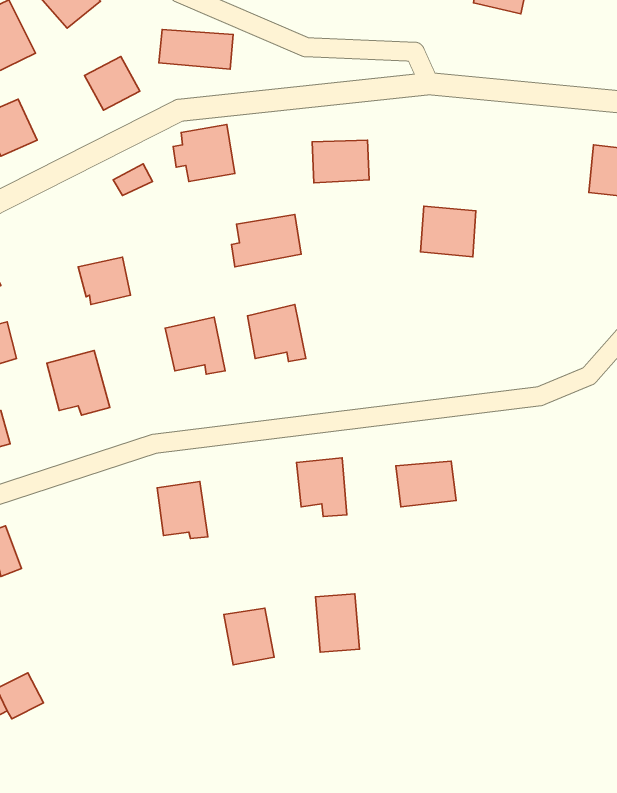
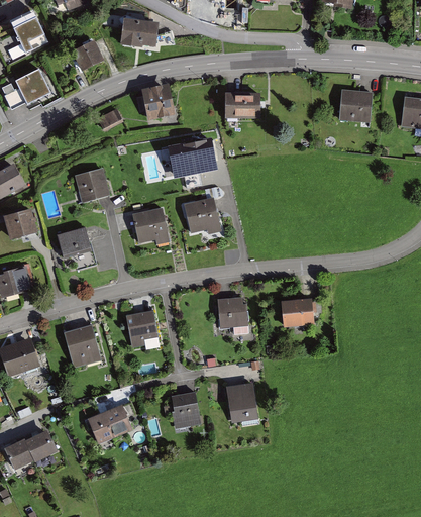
building: [421,206,476,257] -> [337,89,373,121]
building: none -> [64,325,100,371]
building: none -> [86,405,129,446]

